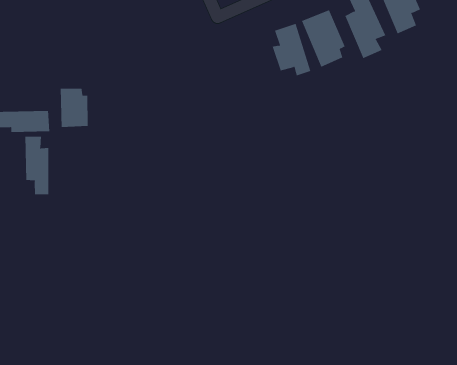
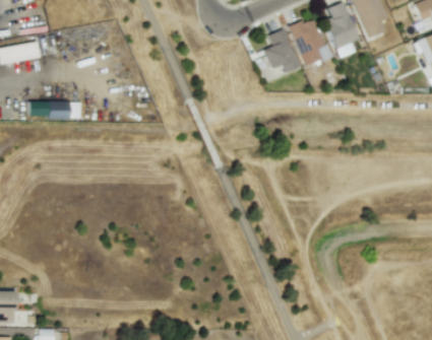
building: [60,88,88,128] -> none
building: [25,136,49,195] -> none

